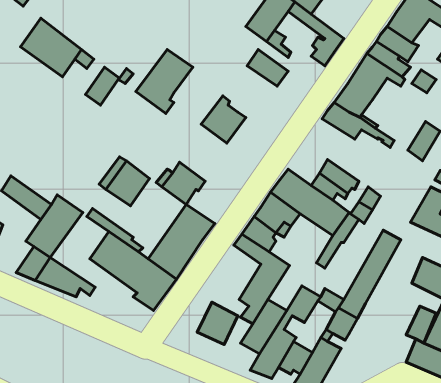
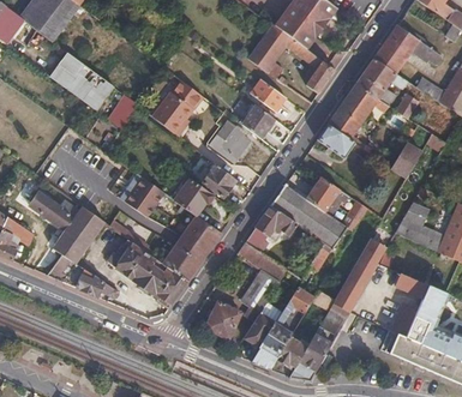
building: none -> [241,104,277,139]
building: none -> [204,163,235,197]

